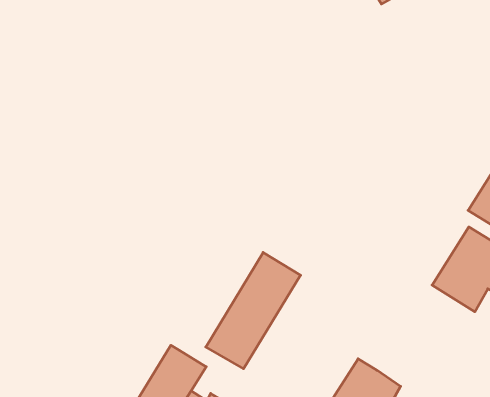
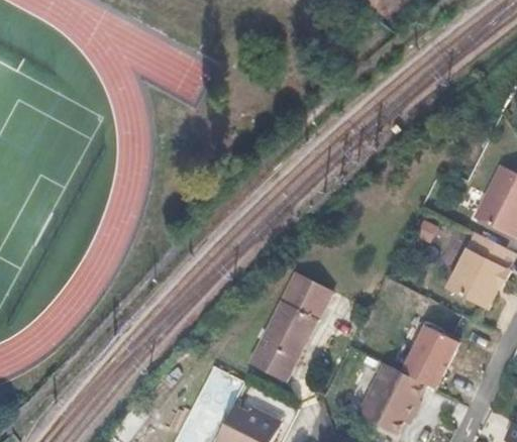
building: none -> [405,325,461,389]

